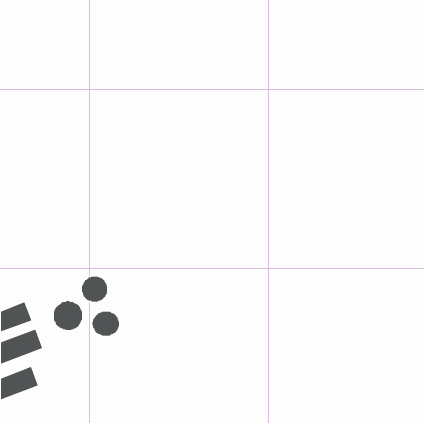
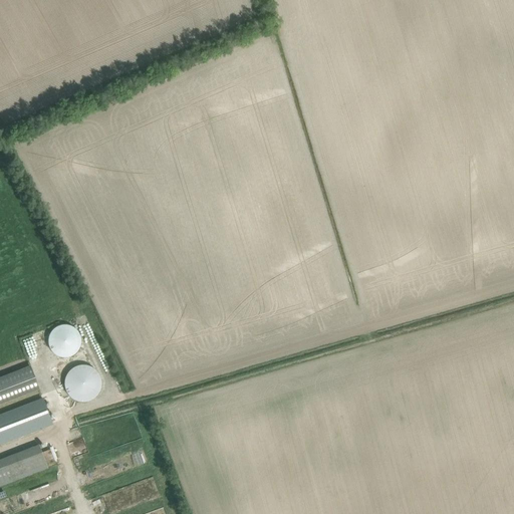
building: [81,276,108,302] -> [48,324,80,356]
building: [91,311,120,336] -> none

